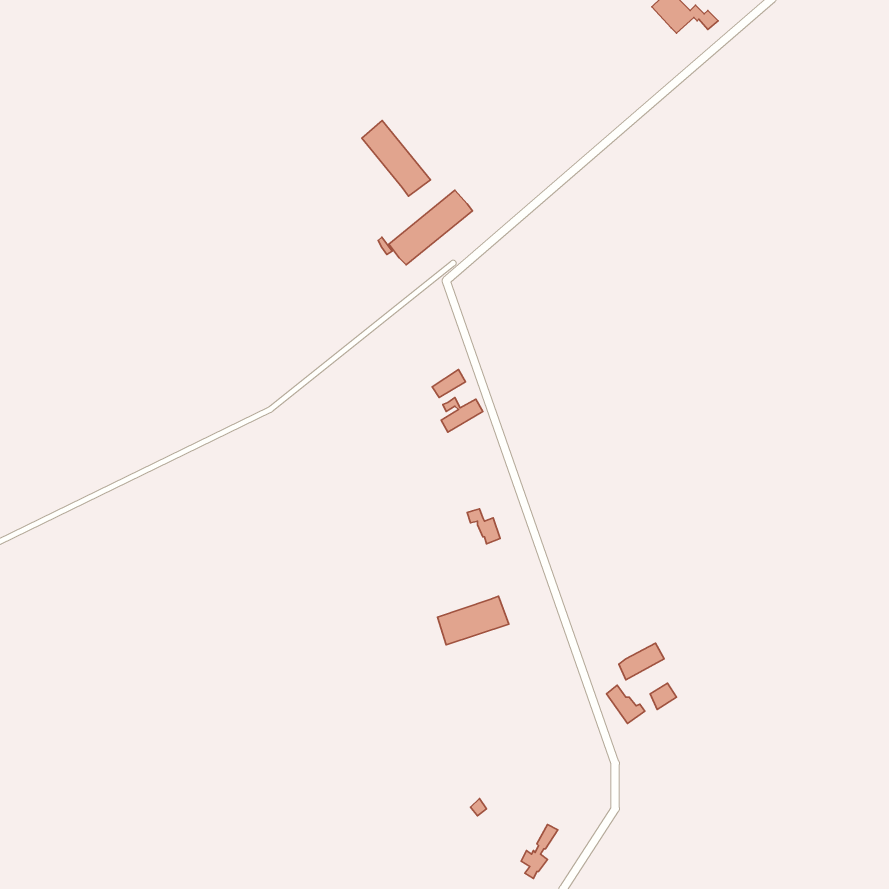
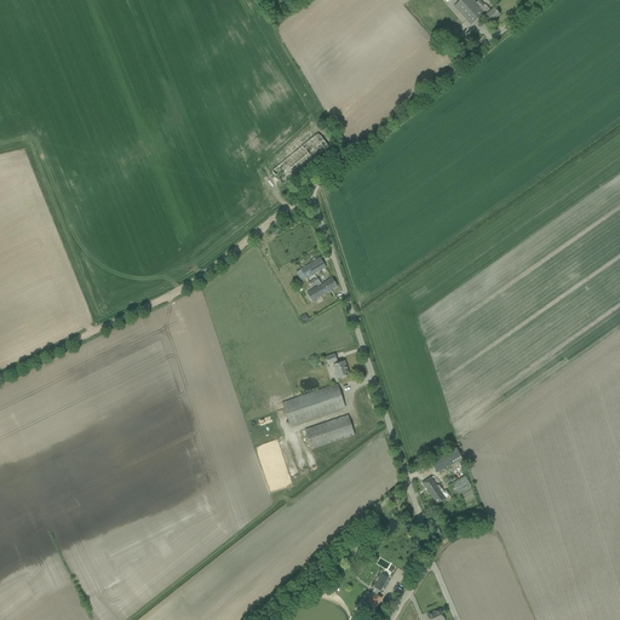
building: [362,121,431,196] -> none
building: none -> [281,383,344,425]

